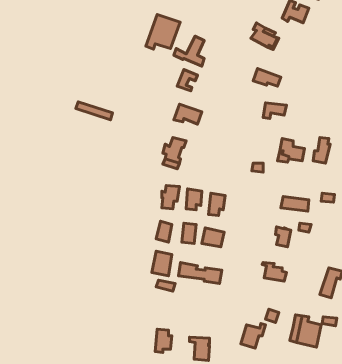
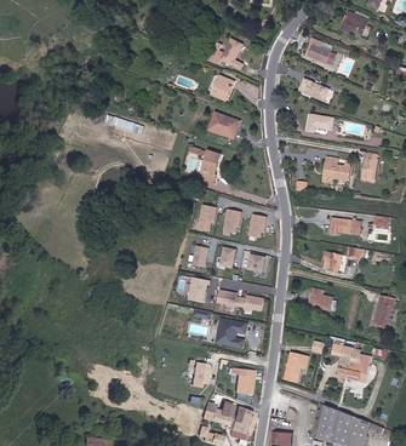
building: [146,15,180,49] -> none
building: none -> [219,320,248,349]

